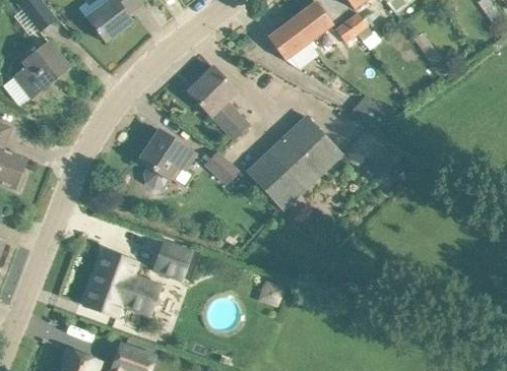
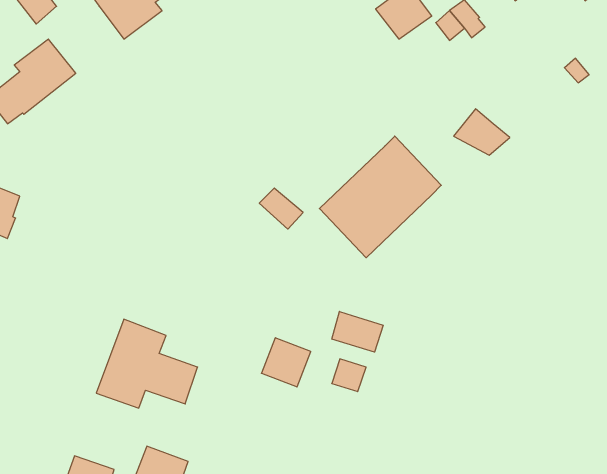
building: [268,19,309,60] -> none
building: [188,66,249,138] -> none
building: [139,130,194,188] -> none
building: [154,242,191,279] -> [261,338,311,387]
building: none -> [332,311,383,352]

